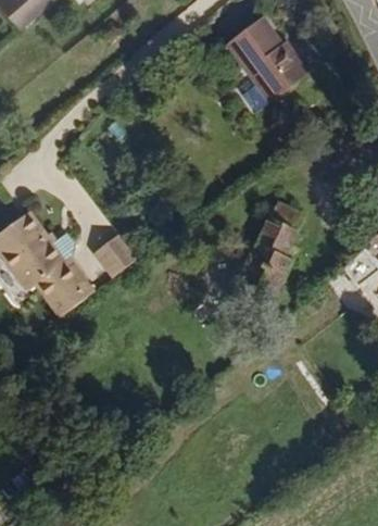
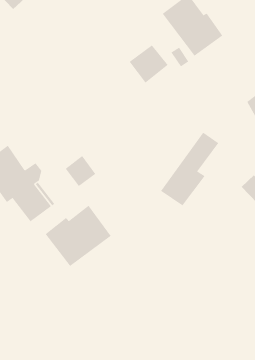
building: none -> [129,44,169,83]
building: none -> [45,205,112,267]

